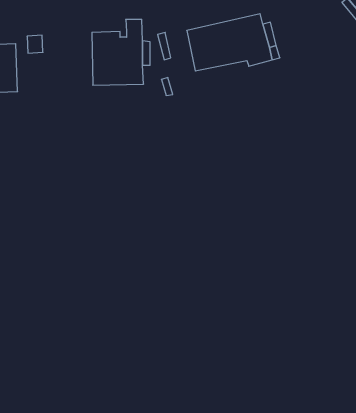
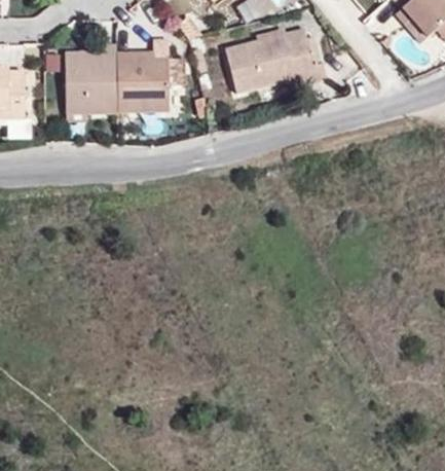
building: none -> [65,40,114,113]

